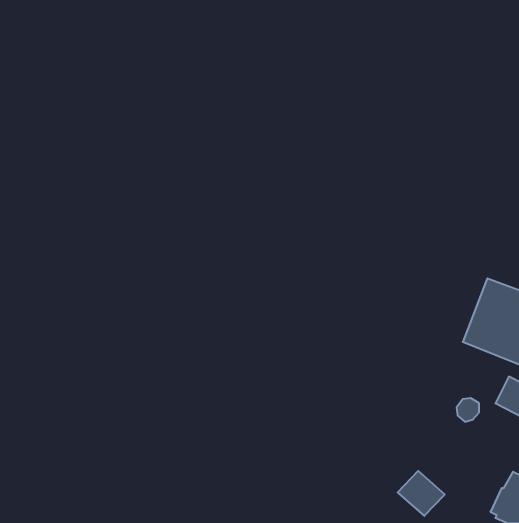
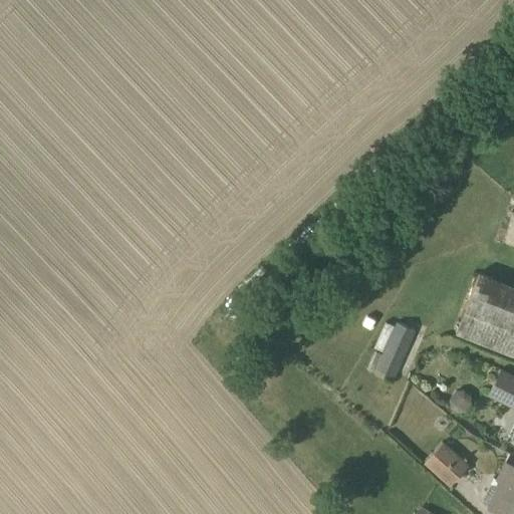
building: none -> [372,316,422,379]
building: [398,471,445,516] -> [426,443,472,487]

